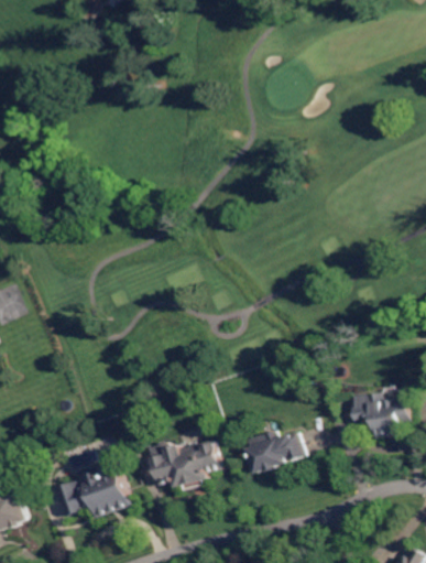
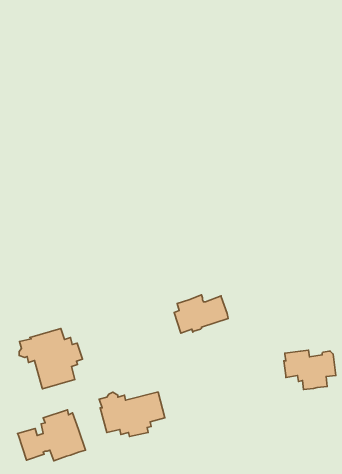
building: none -> [19,329,82,389]
building: [243,430,304,473] -> [174,295,228,333]

